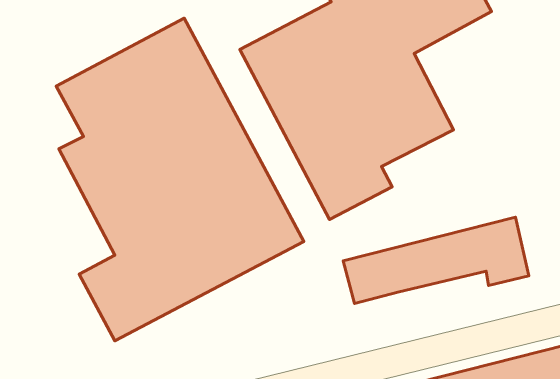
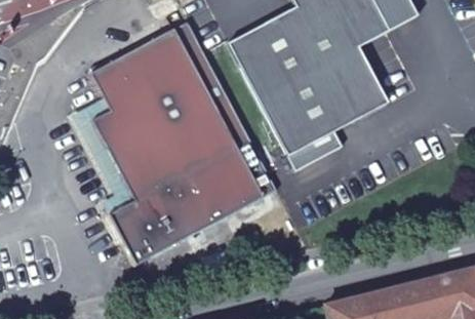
building: [343,217,529,304] -> none

